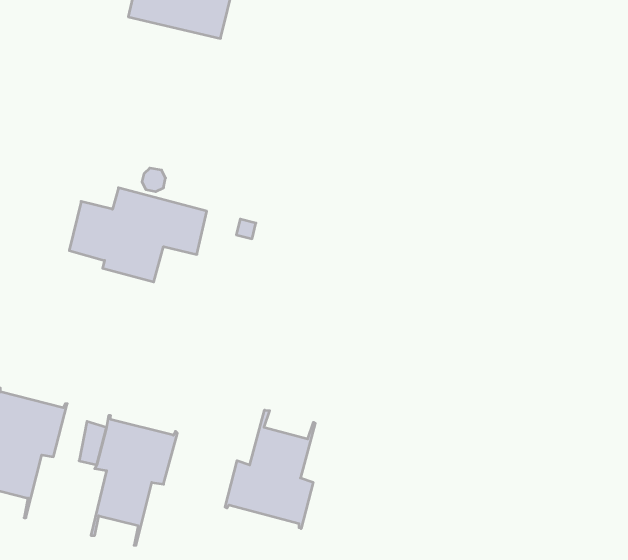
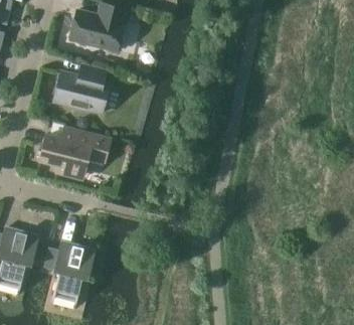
building: none -> [53,62,109,113]
building: [225,410,315,529] -> none

